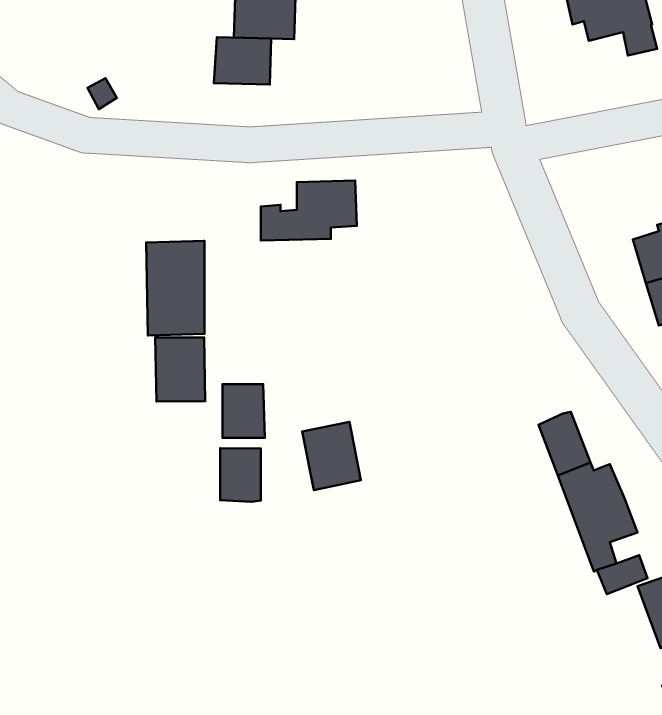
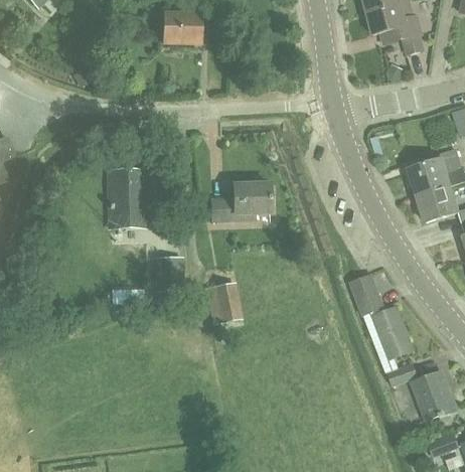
building: [214,37,271,85] -> none
building: [261,180,357,241] -> [209,182,269,219]
building: [155,337,205,402] -> none
building: [220,448,261,502] -> none

